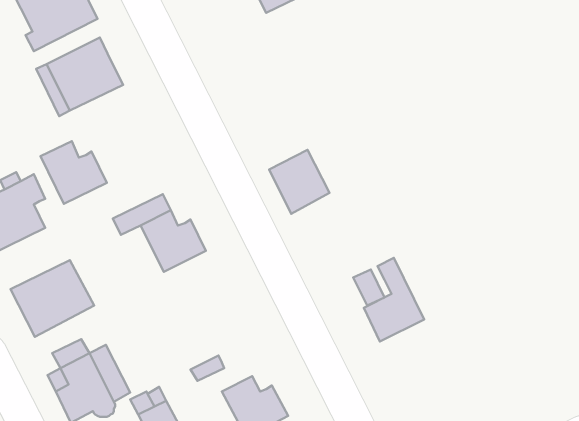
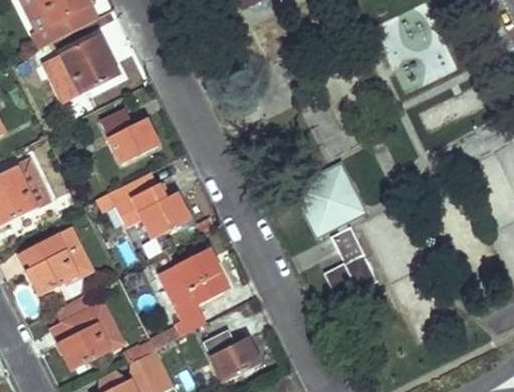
building: [40,141,107,204] -> [99,110,157,164]
building: [269,150,330,214] -> [302,173,354,228]
building: none -> [159,248,228,306]

